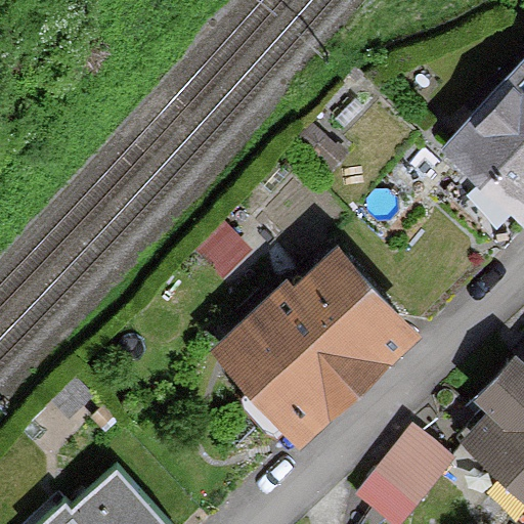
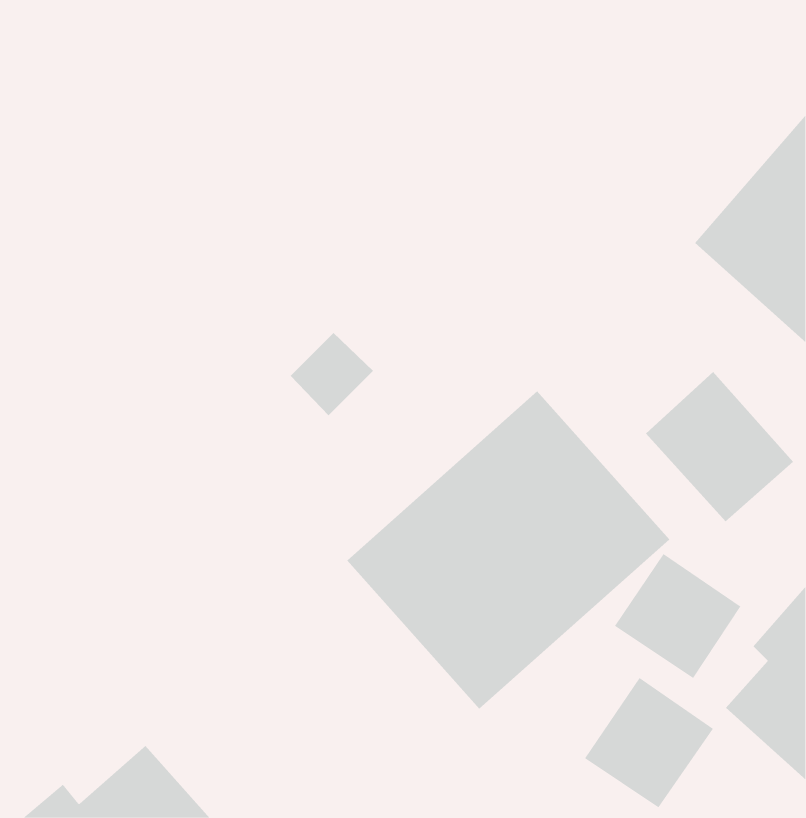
building: none -> [645,371,794,522]
building: none -> [614,553,741,679]

